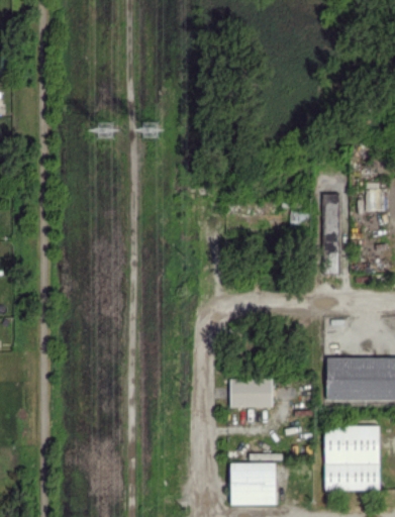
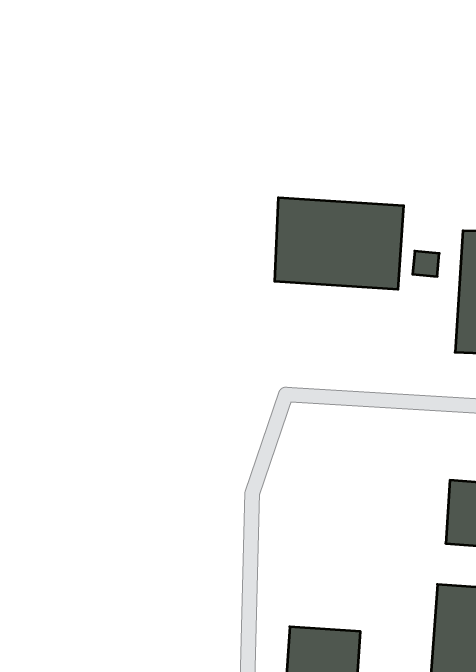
building: none -> [275,198,404,289]
building: [230,379,273,408] -> none

